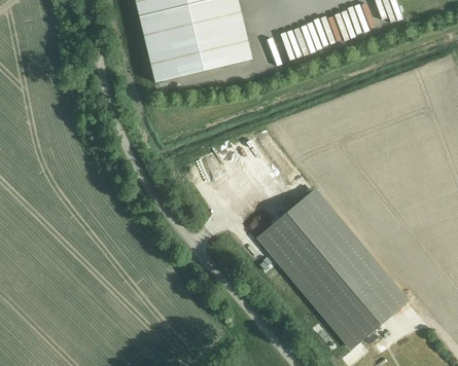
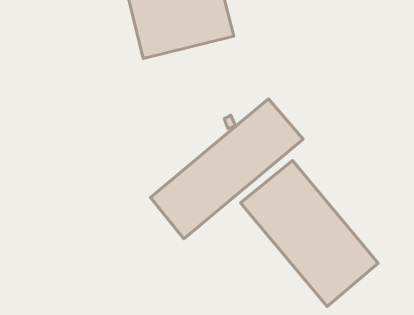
building: none -> [150,99,303,239]

